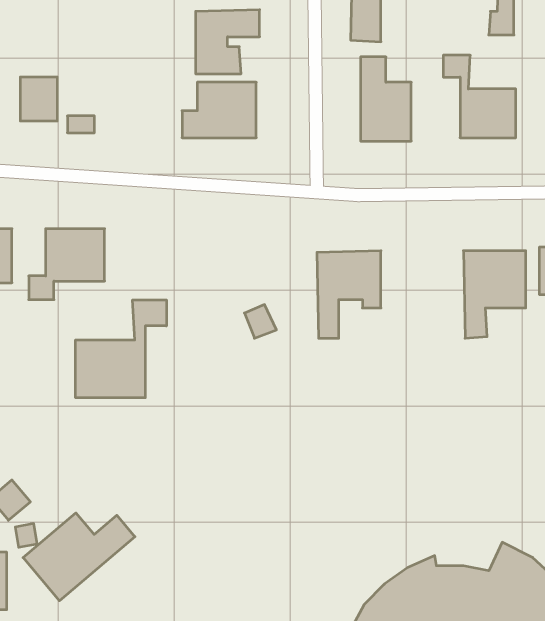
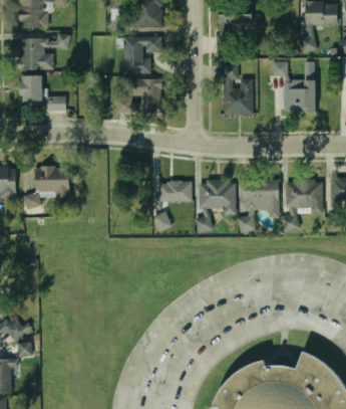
building: none -> [18,37,52,69]
building: none -> [239,179,278,232]
building: none -> [157,181,191,201]
building: [76,300,166,398] -> none
building: [23,513,135,601] -> none

